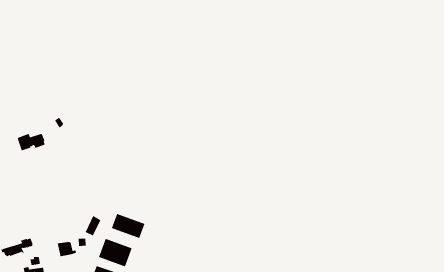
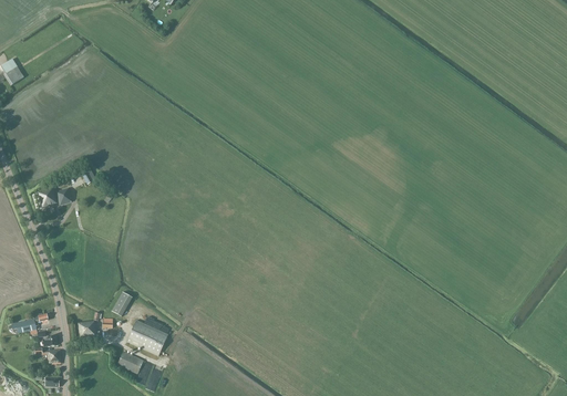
building: [111,213,145,239] -> none

